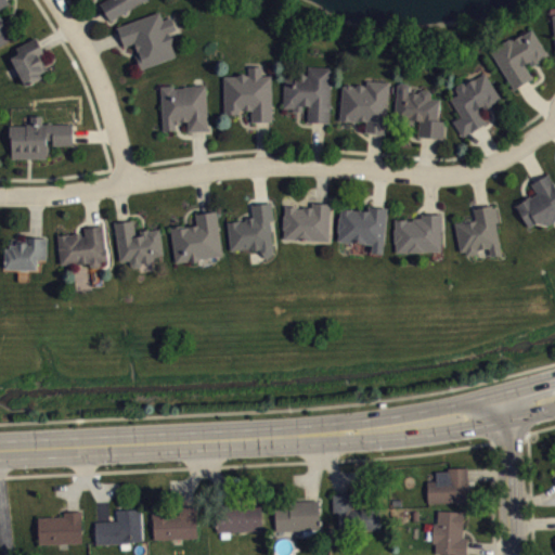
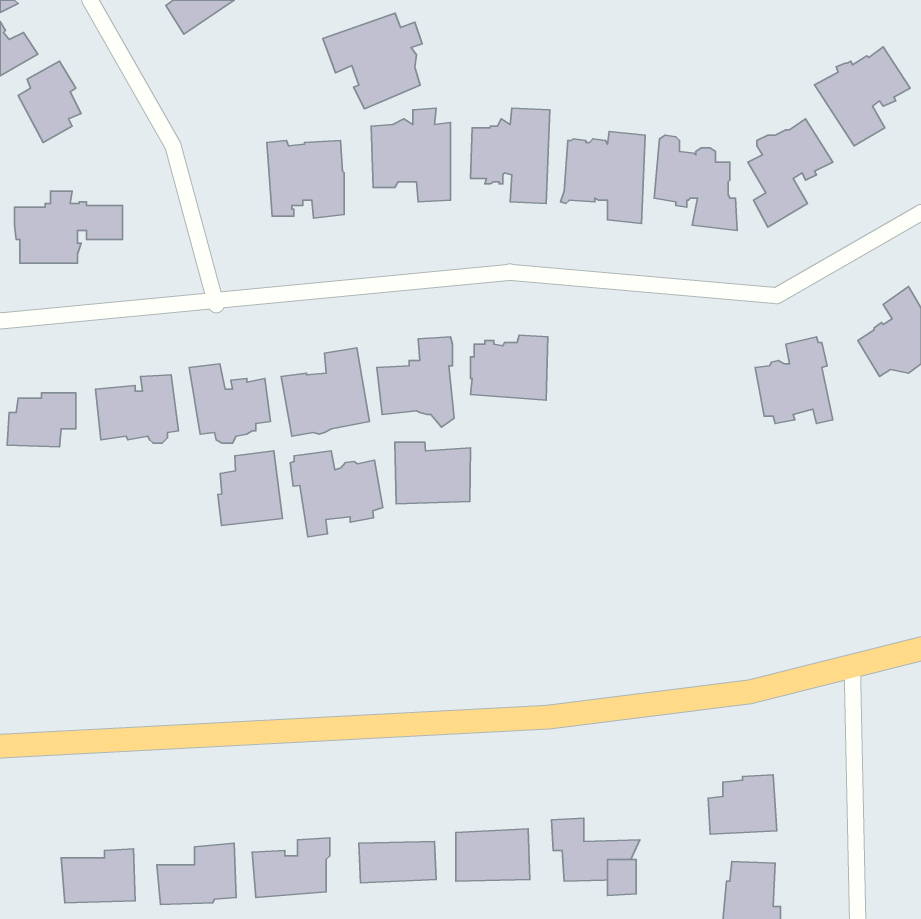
building: [116,12,176,69] -> [323,13,422,109]
building: [337,206,386,254] -> none
building: [393,214,441,253] -> none
building: none -> [395,442,471,504]
building: none -> [290,451,383,537]
building: none -> [218,451,282,525]

